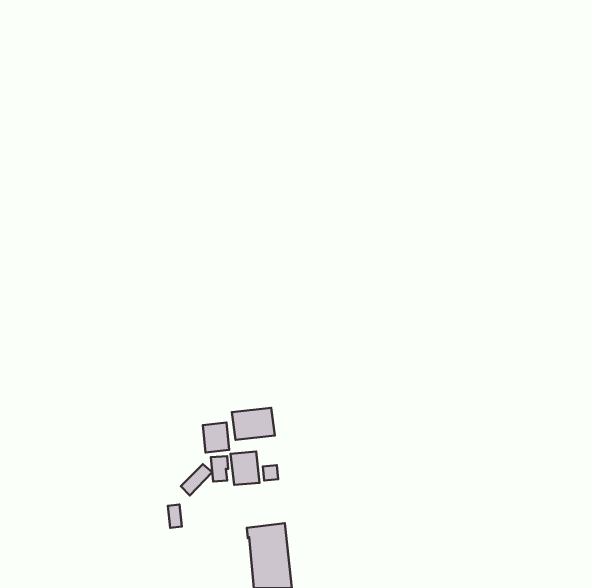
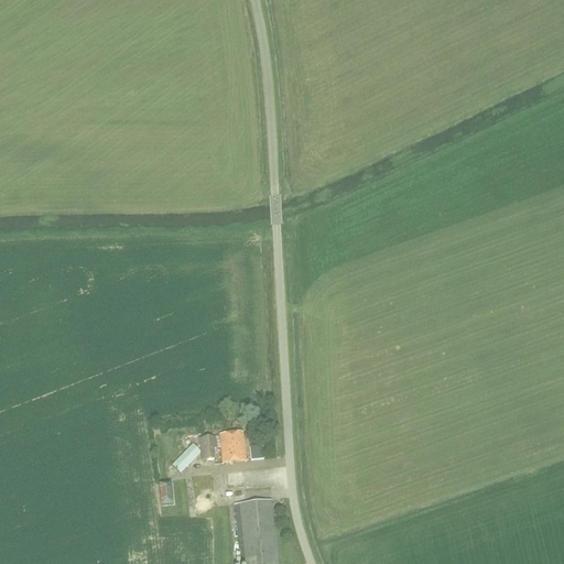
building: [232,408,275,440] -> none
building: [203,423,229,453] -> none

